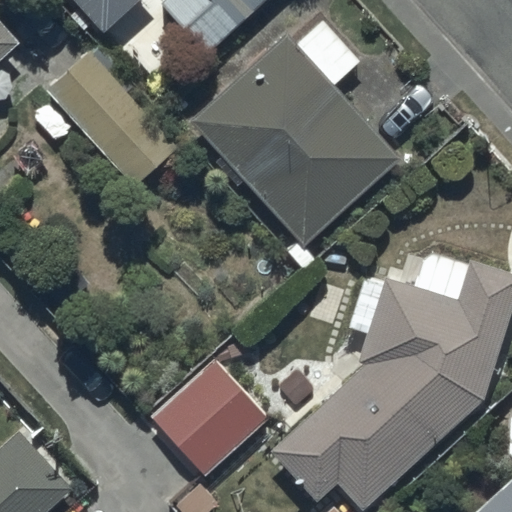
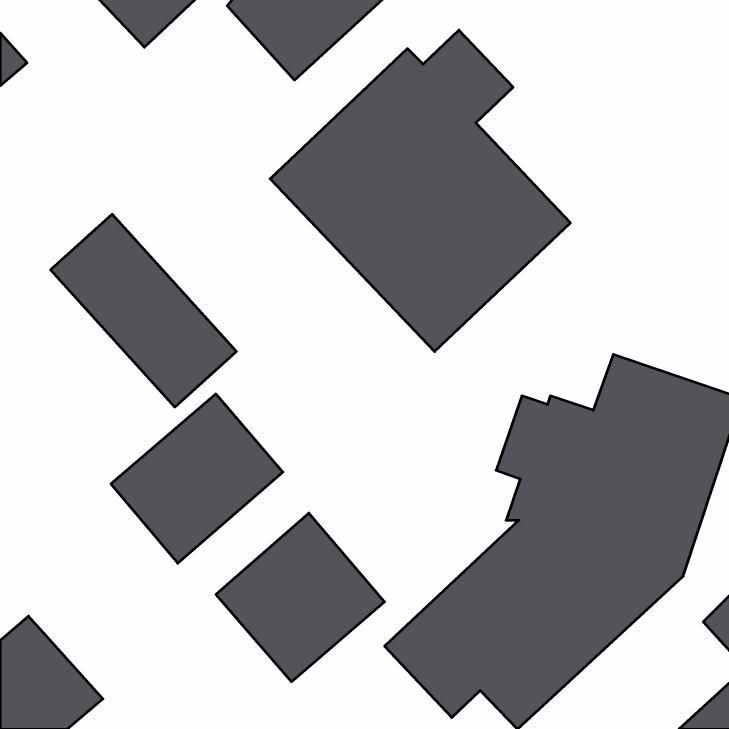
building: [48,52,178,187] -> [51,214,236,407]
building: none -> [111,394,283,563]

